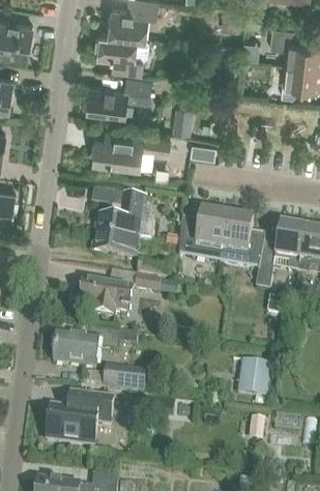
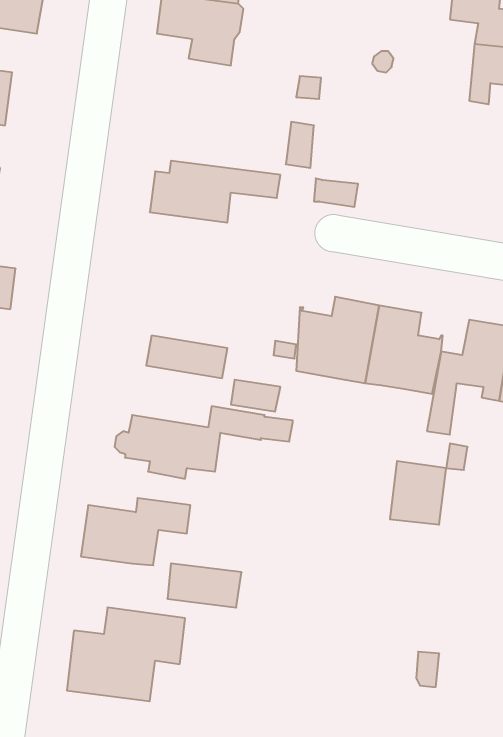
building: [86,76,151,115] -> none
building: [94,191,145,239] -> none
building: [237,359,270,397] -> [390,461,446,525]

